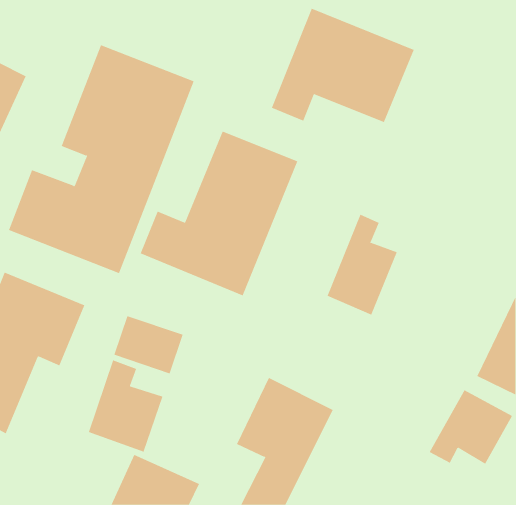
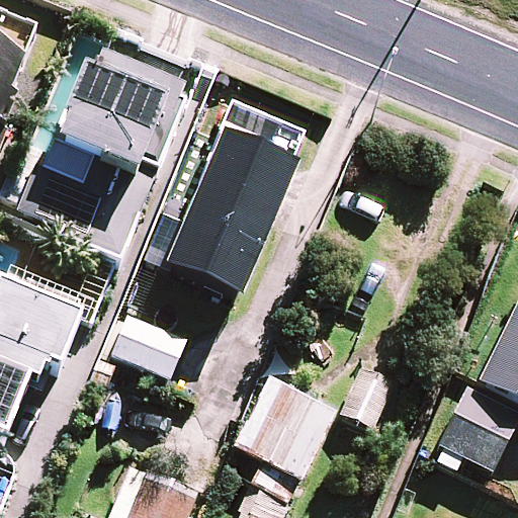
building: [271,8,414,123] -> none
building: [327,214,397,316] -> none
building: [88,360,163,453] -> none

